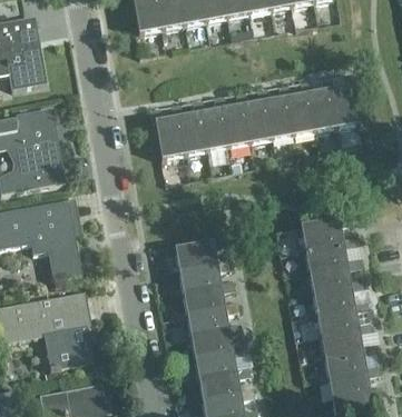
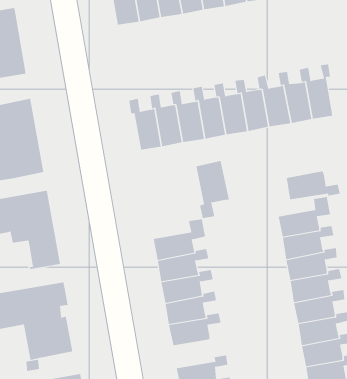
building: none -> [196,160,229,219]
building: none -> [286,171,340,200]
building: [194,344,246,378] -> none

